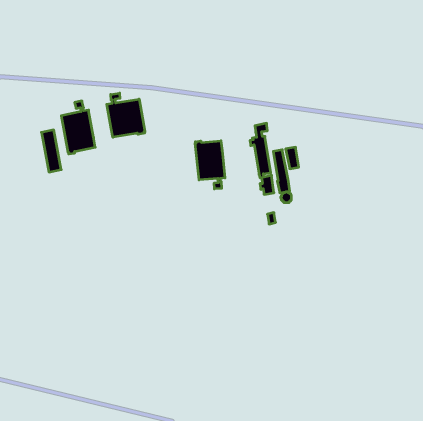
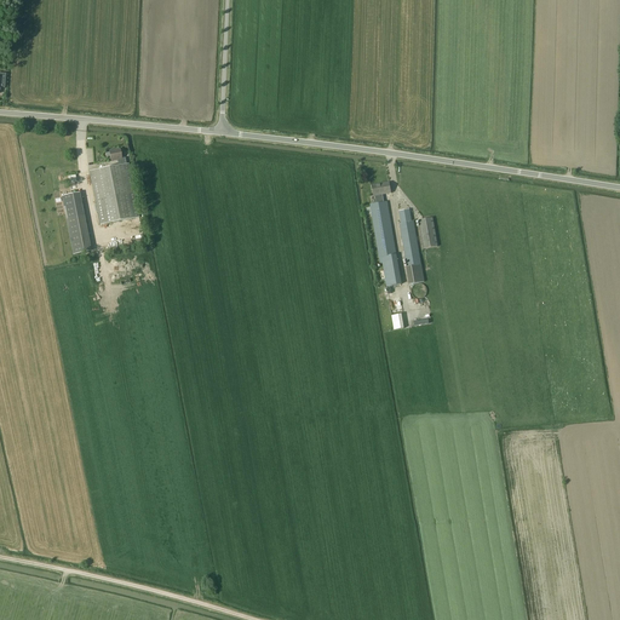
building: [107,93,145,137] -> none
building: [195,141,225,189] -> none

